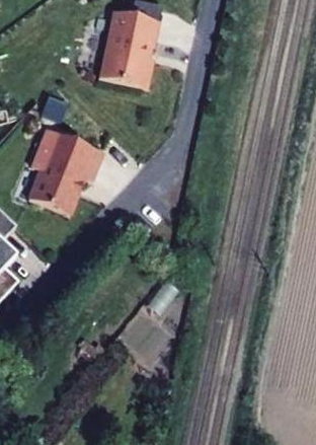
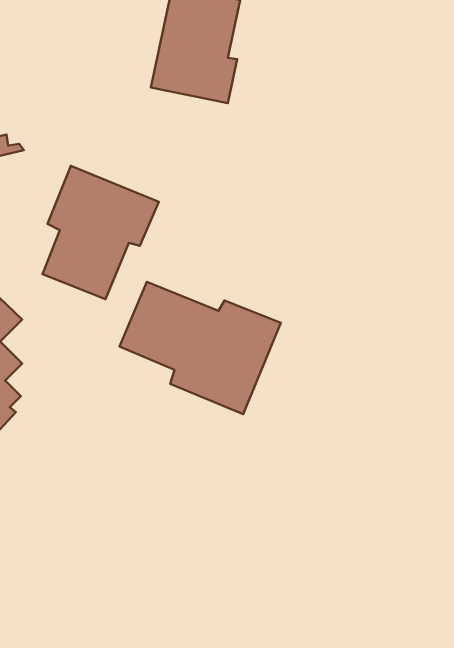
building: none -> [119,282,281,414]

